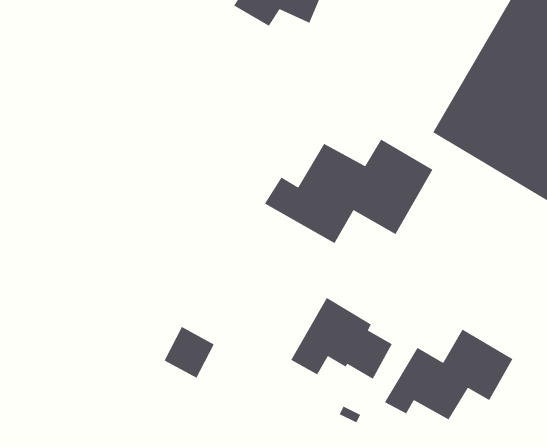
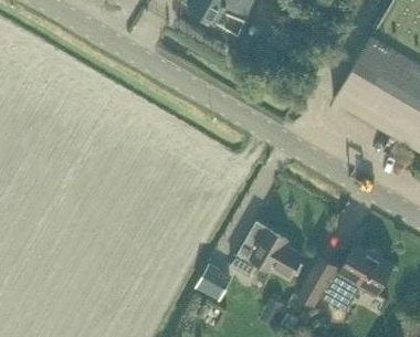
building: [264,139,433,244] -> none
building: [164,326,215,379] -> [196,263,233,302]

